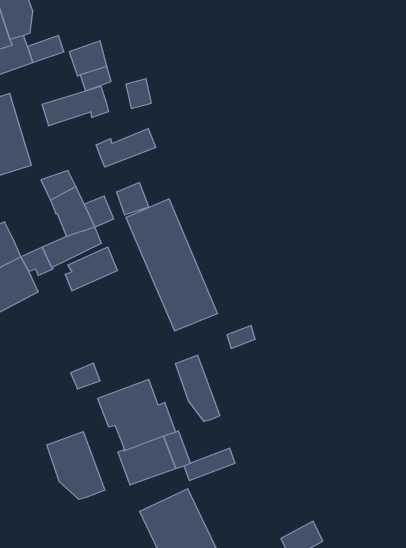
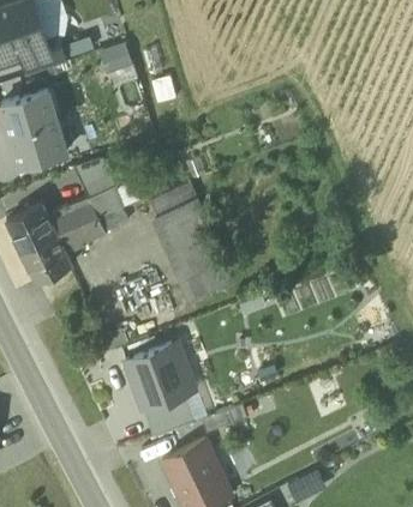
building: [42,86,109,126] -> none
building: [96,128,156,167] -> none
building: [65,248,118,291] -> [49,194,96,233]
building: [175,355,220,422] -> none
building: [47,432,105,500] -> none

